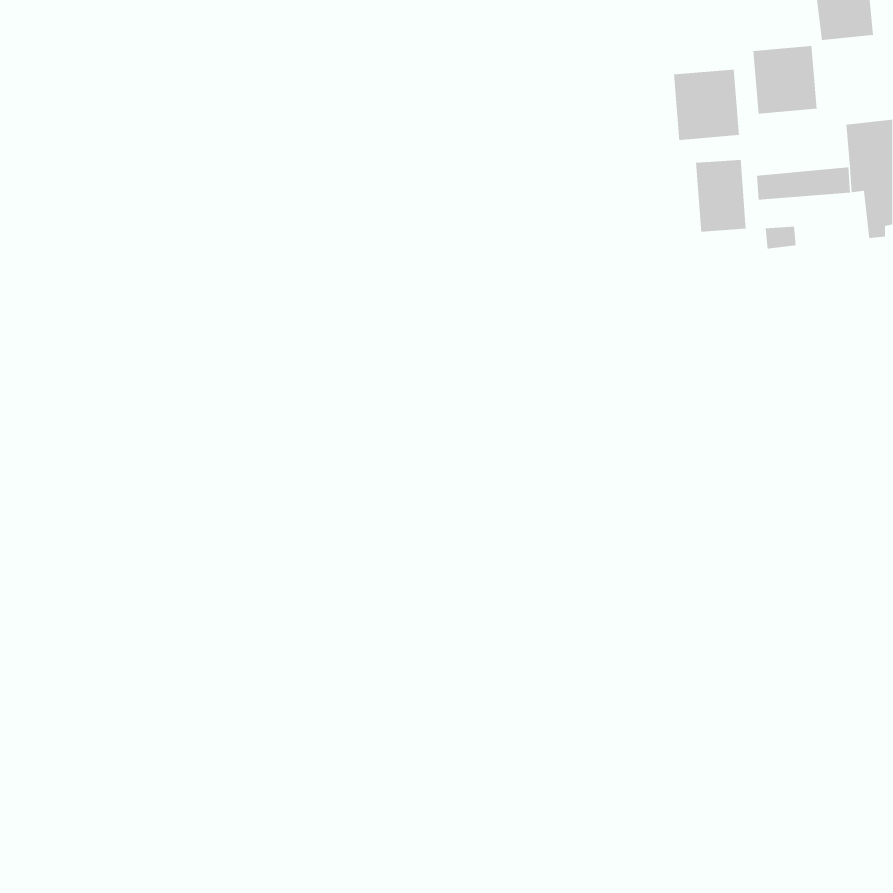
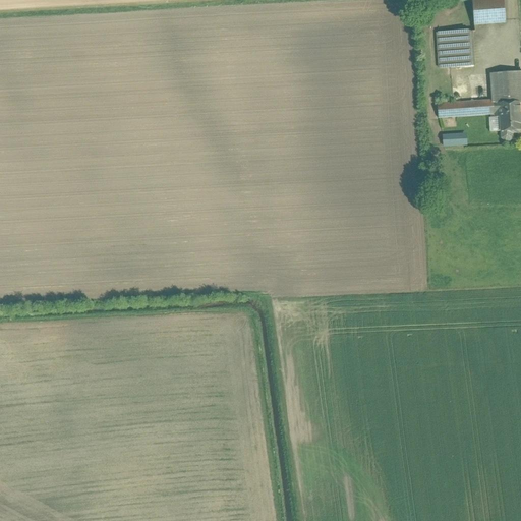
building: [673,69,739,141] -> none
building: [696,159,746,232] -> none

